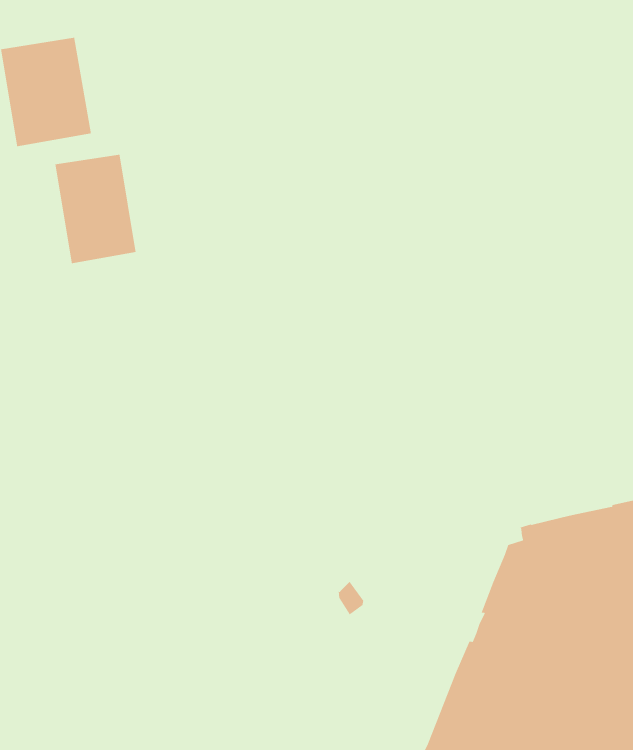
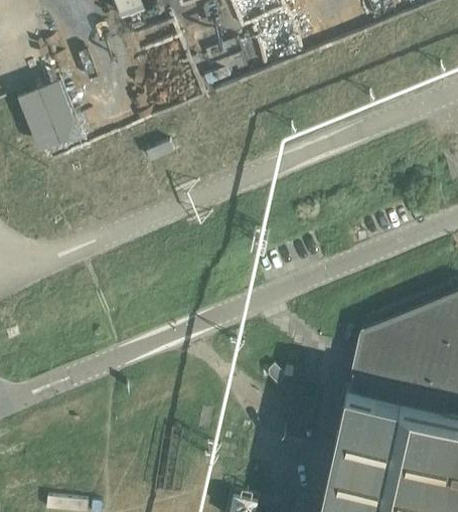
building: [54,154,136,264] -> none

